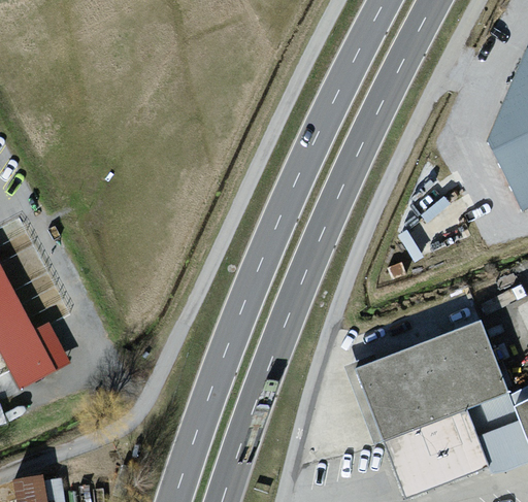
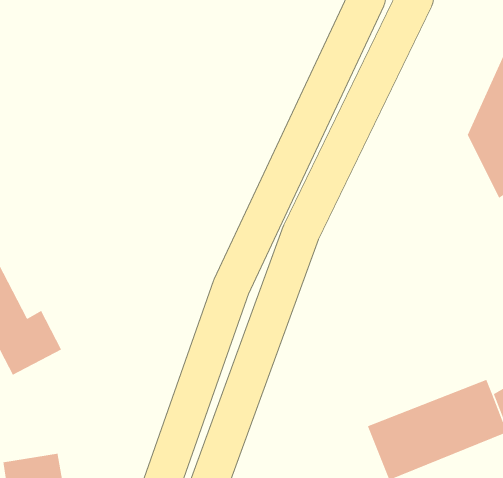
building: [356,320,508,441] -> none

